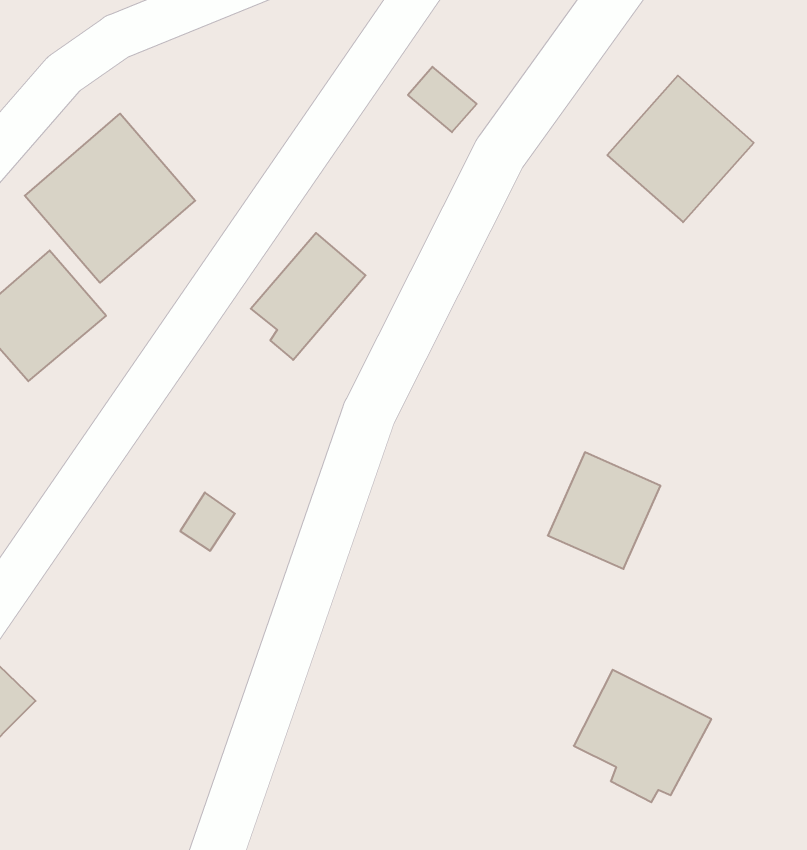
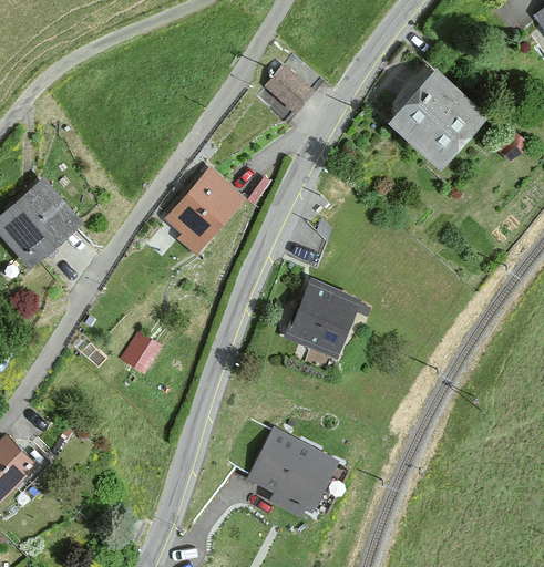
building: [25,114,195,283] -> none
building: [548,452,661,569] -> [286,281,357,354]
building: [574,670,711,802] -> [249,431,336,514]

